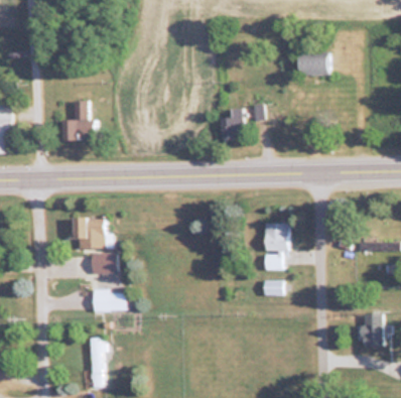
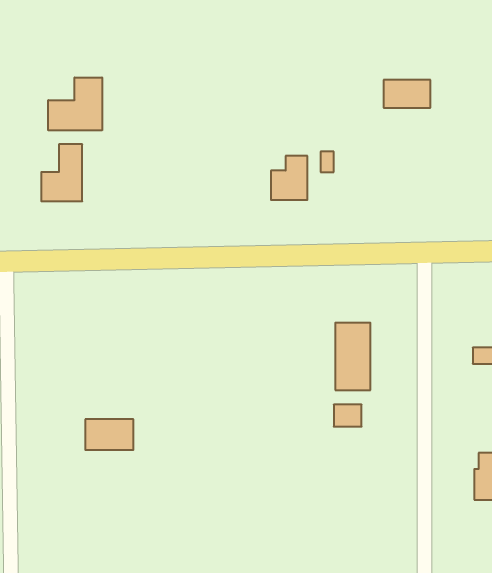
building: none -> [48,77,102,130]
building: [73,217,106,248] -> none
building: [92,252,117,273] -> none
building: [90,338,105,387] -> none

